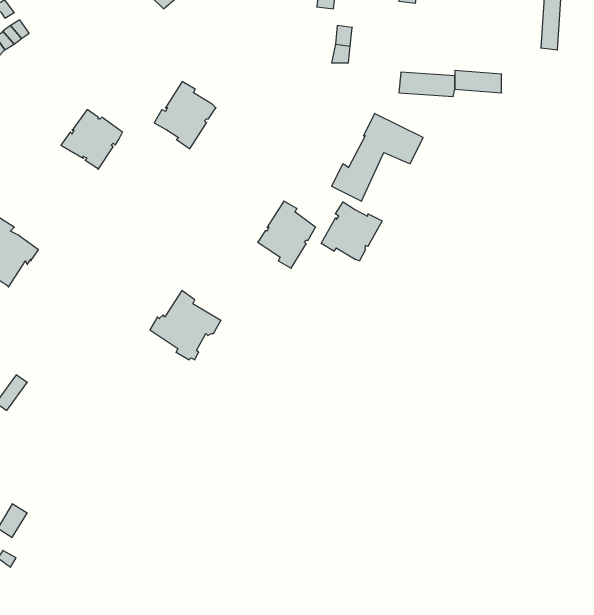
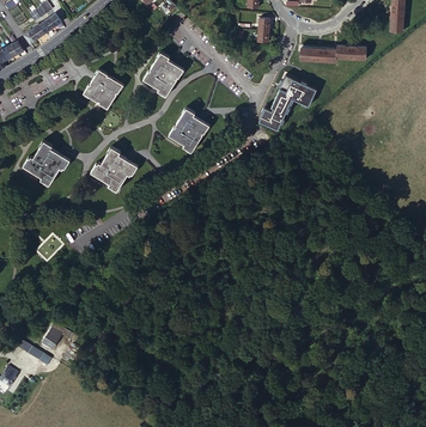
building: [258,201,316,268] -> [169,109,206,152]
building: [321,202,382,261] -> none
building: [150,291,221,360] -> [91,147,136,191]

